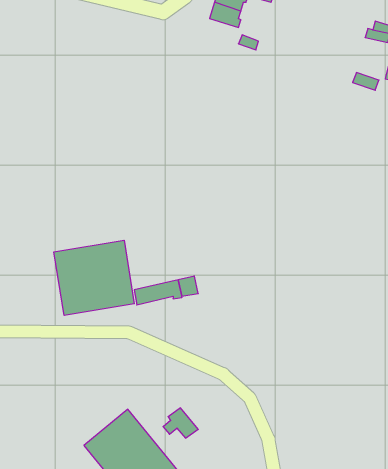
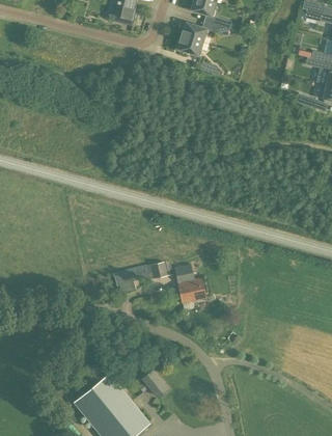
building: [54,240,134,315] -> none
building: none -> [174,263,206,302]

